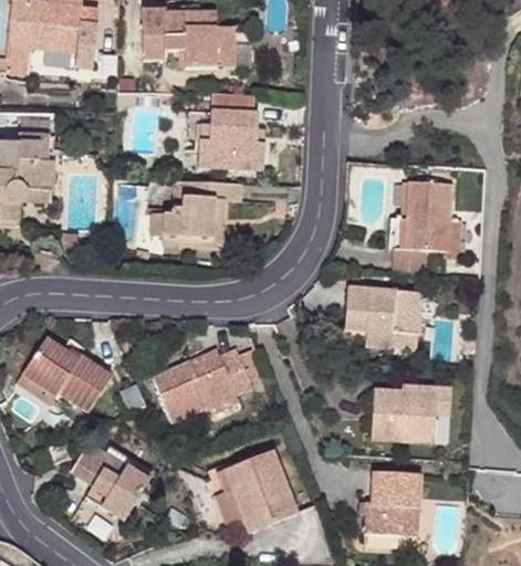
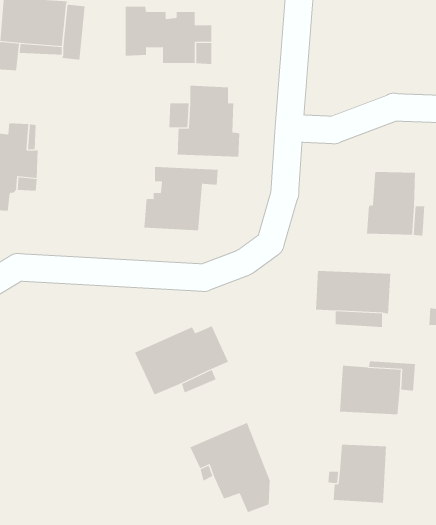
building: [14,336,113,410] -> none
building: [69,442,149,518] -> none

